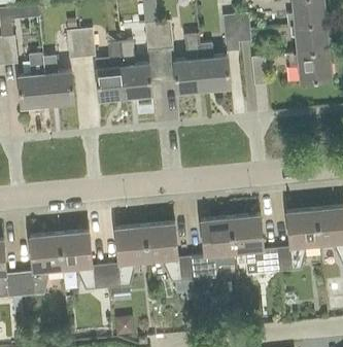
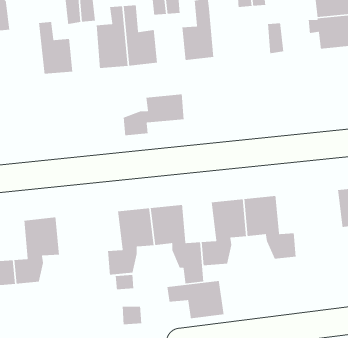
building: [200,43,231,89] -> none
building: [19,53,48,107] -> none
building: none -> [123,94,185,136]
building: [277,209,320,271] -> none
building: [60,231,108,289] -> none
building: none -> [167,280,225,319]

